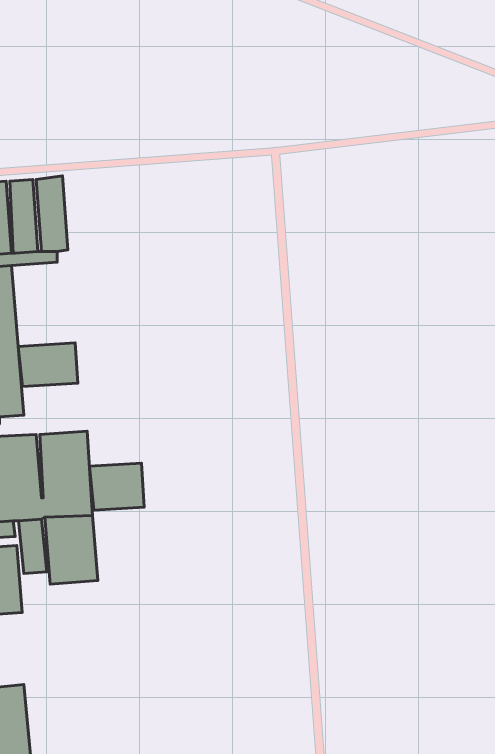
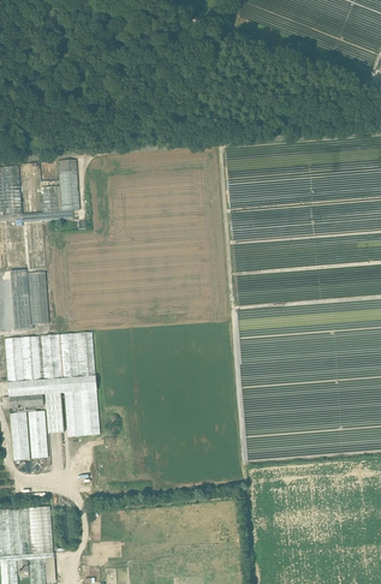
building: [18,343,78,387] -> none
building: [89,463,144,510] -> none

